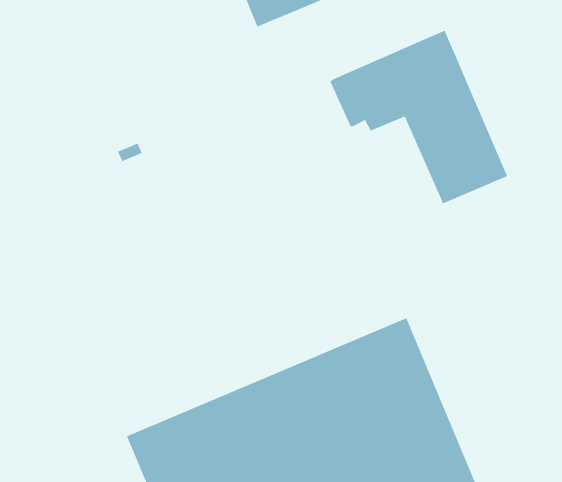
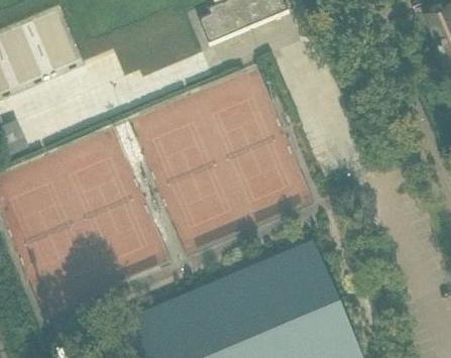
building: [329,30,508,204] -> none

